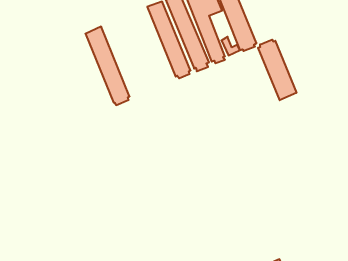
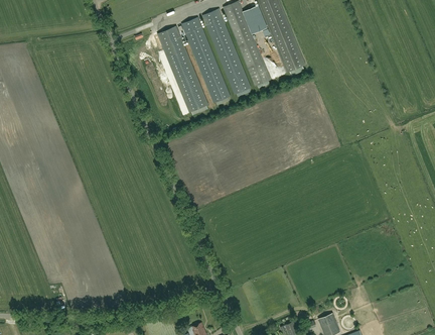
building: [85,27,130,105] -> [157,26,207,116]
building: [258,40,296,100] -> none

